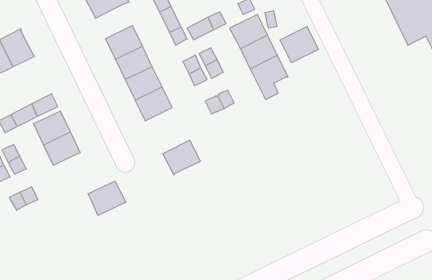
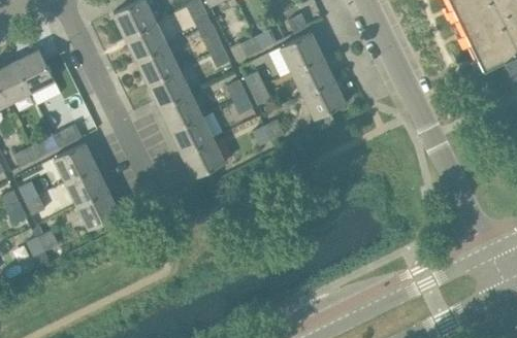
building: none -> [126,22,168,61]
building: [280,26,318,63] -> none
building: [163,140,201,175] -> [183,139,226,178]
building: [88,181,126,215] -> [77,191,121,230]

